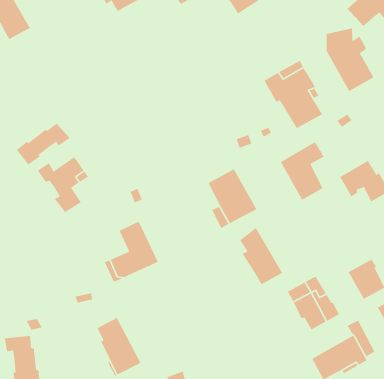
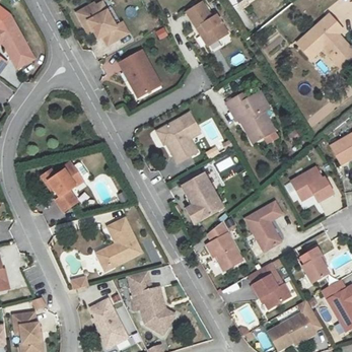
building: none -> [119,51,160,97]
building: [326,27,375,92] -> none
building: none -> [157,112,201,162]
building: [16,123,70,166] -> none
building: [280,141,325,201] -> [245,203,283,253]
building: none -> [128,272,173,336]

